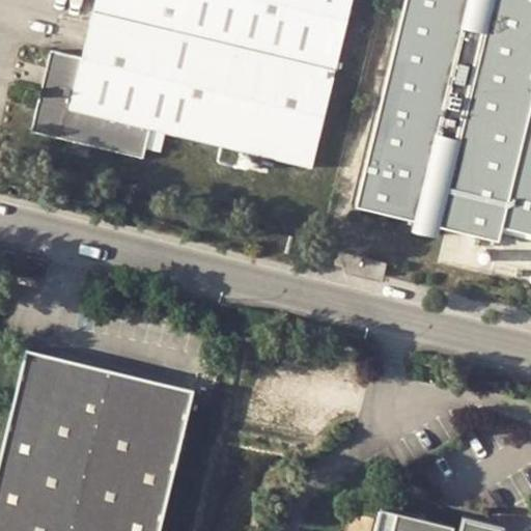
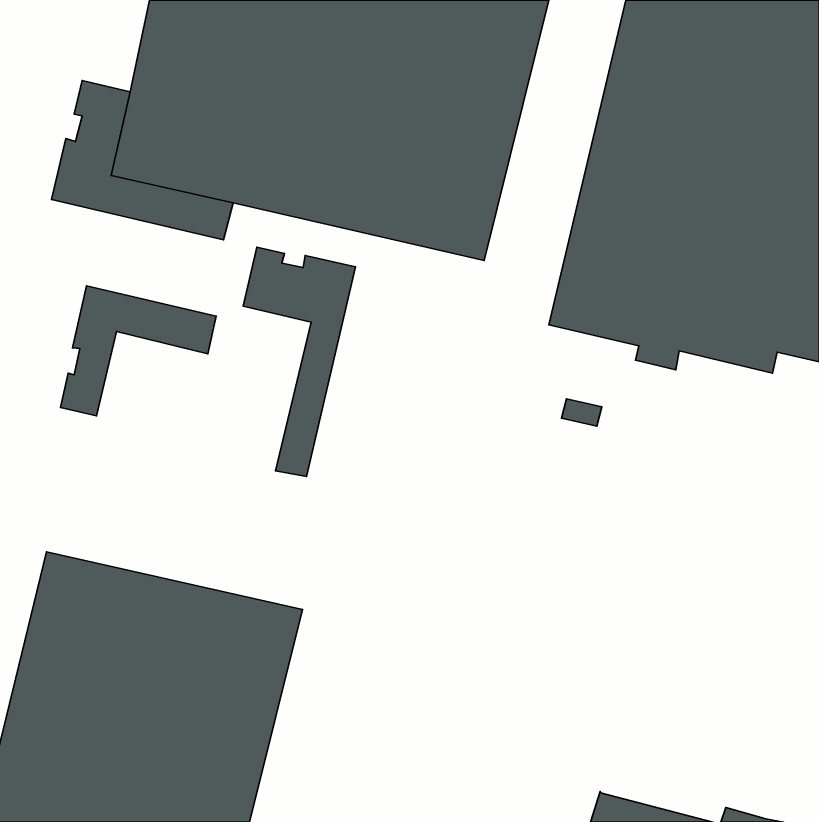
building: none -> [243,247,355,477]
building: none -> [60,286,216,416]

